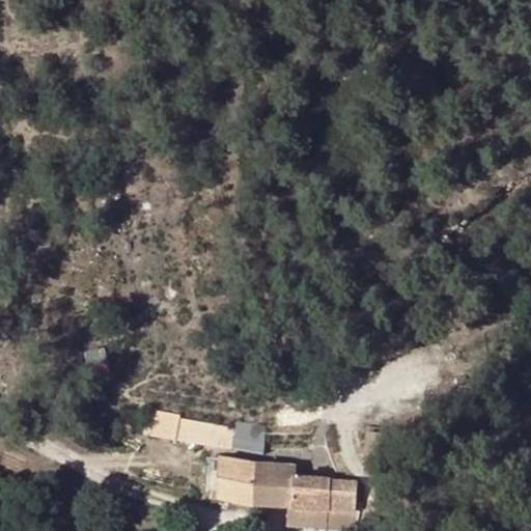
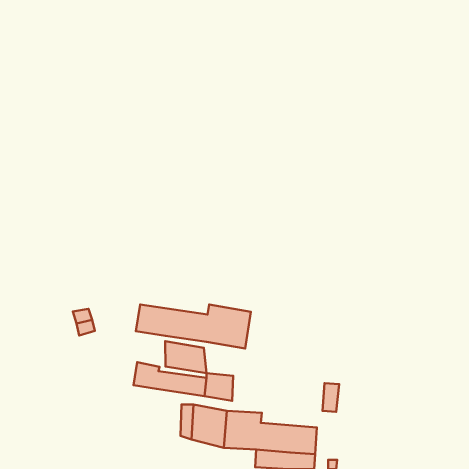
building: none -> [136,304,251,349]
building: none -> [165,341,206,373]

